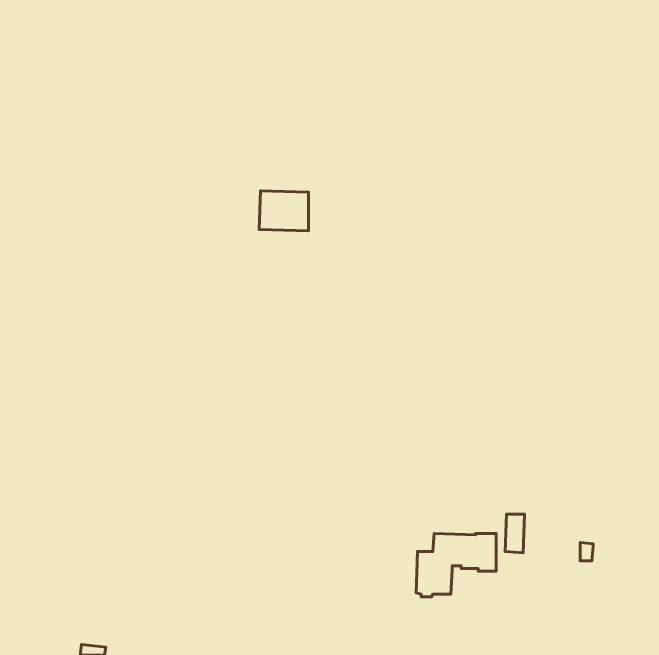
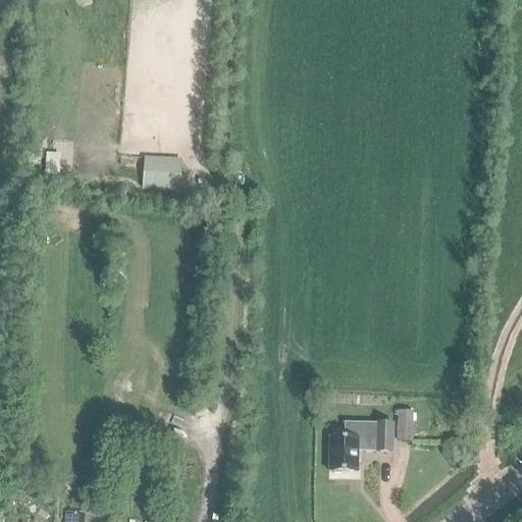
building: [259,191,308,231] -> [143,154,181,186]

